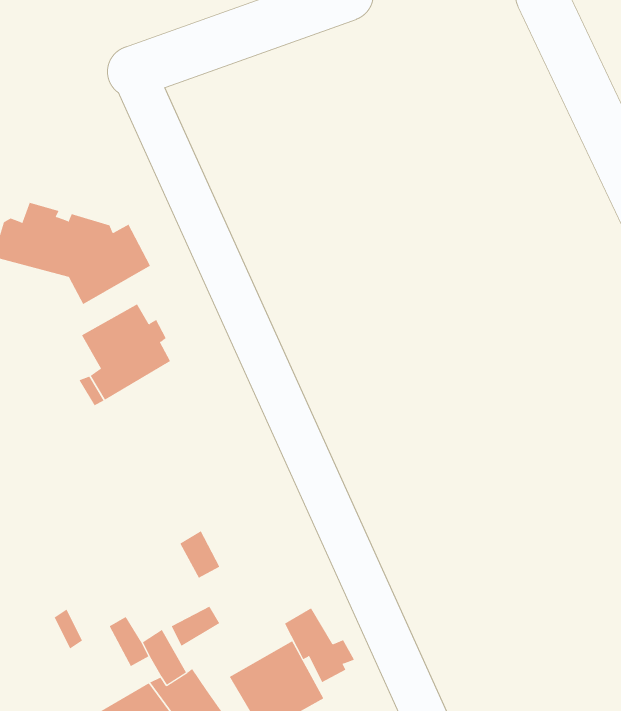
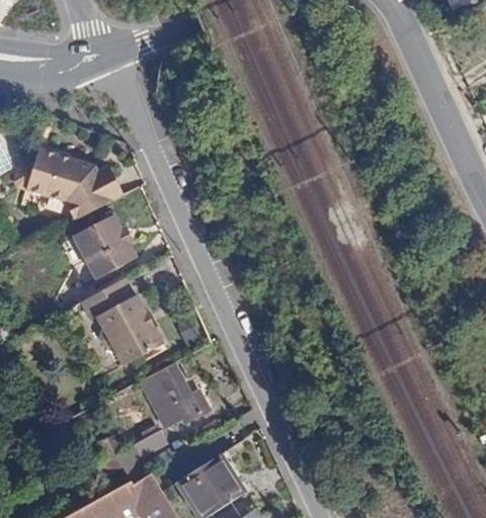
building: none -> [83,278,166,371]
building: [284,608,355,683] -> [157,366,207,419]

